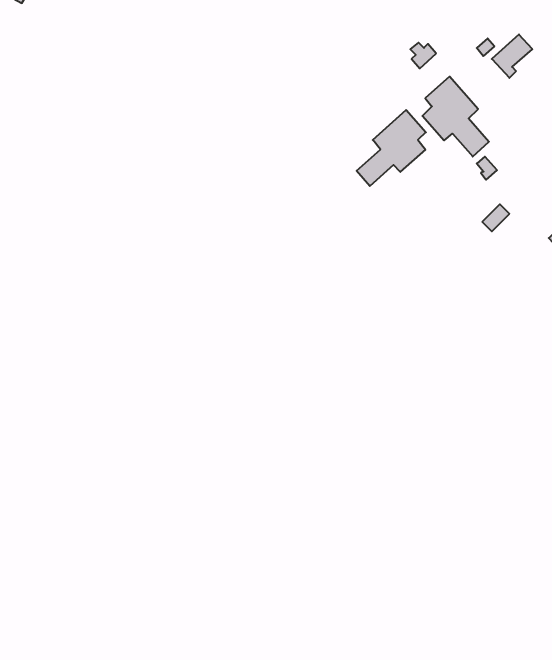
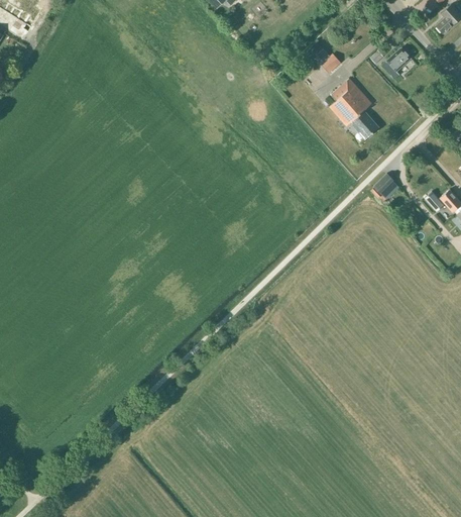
building: [357,110,426,186] -> none

